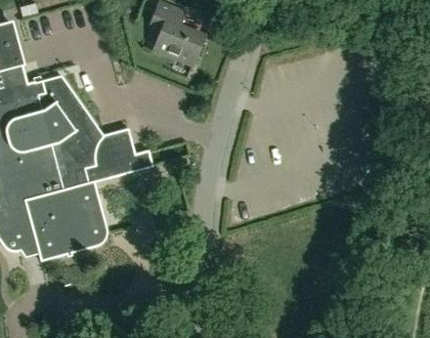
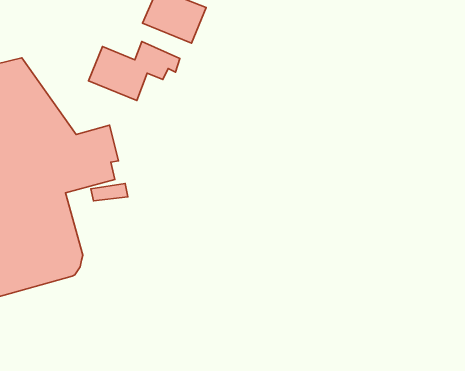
building: none -> [88,42,180,101]

